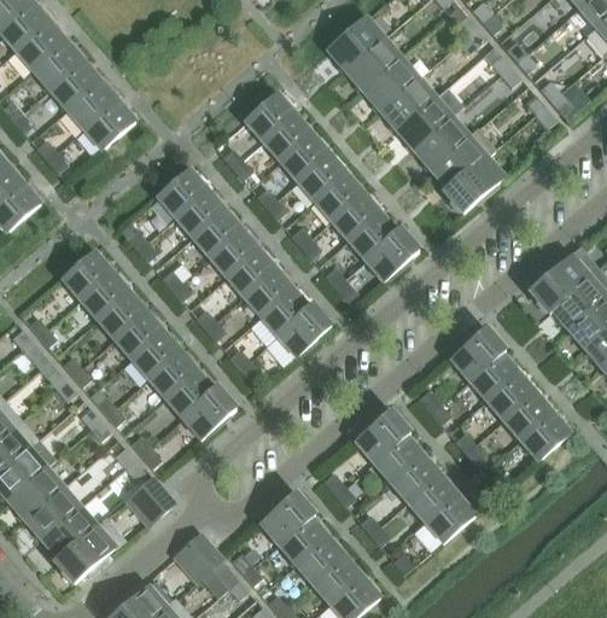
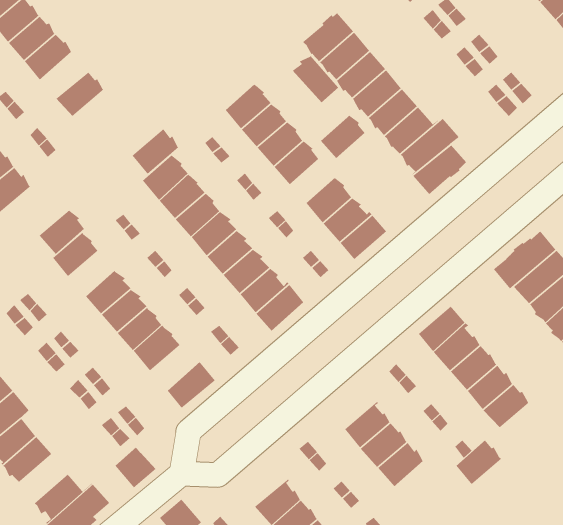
building: [48,59,100,109] -> none
building: none -> [292,55,339,103]
building: [83,99,134,148] -> [132,128,179,175]
building: [314,173,362,220] -> [320,115,366,159]
building: [78,270,128,319] -> [38,209,85,255]
building: [165,371,218,419] -> none
building: [355,410,407,460] -> none
building: [25,486,78,538] -> none
building: [259,492,313,542] -> none
building: [425,494,474,542] -> [456,440,502,485]

